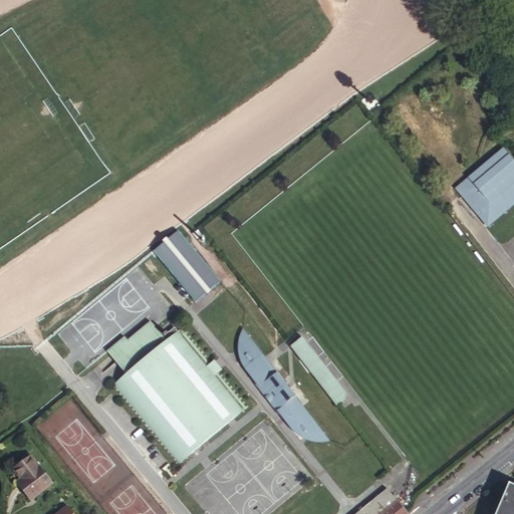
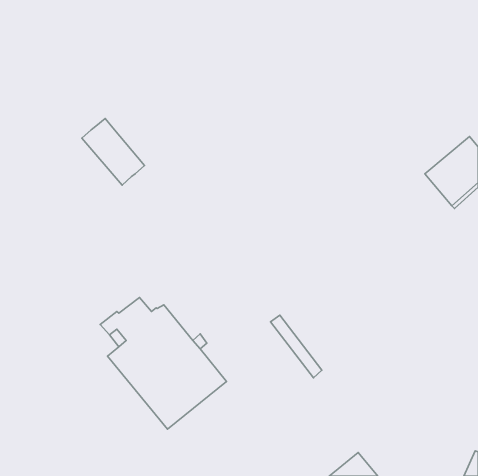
building: [152,229,219,300] -> [82,119,145,185]
building: [242,337,327,442] -> none
building: [15,455,51,499] -> none

